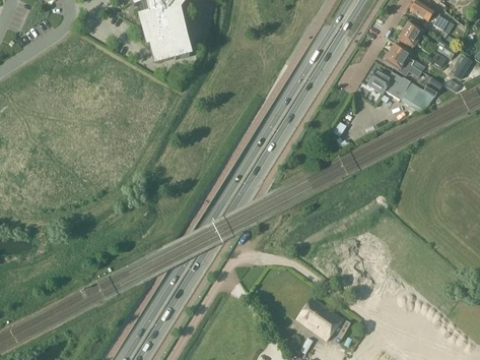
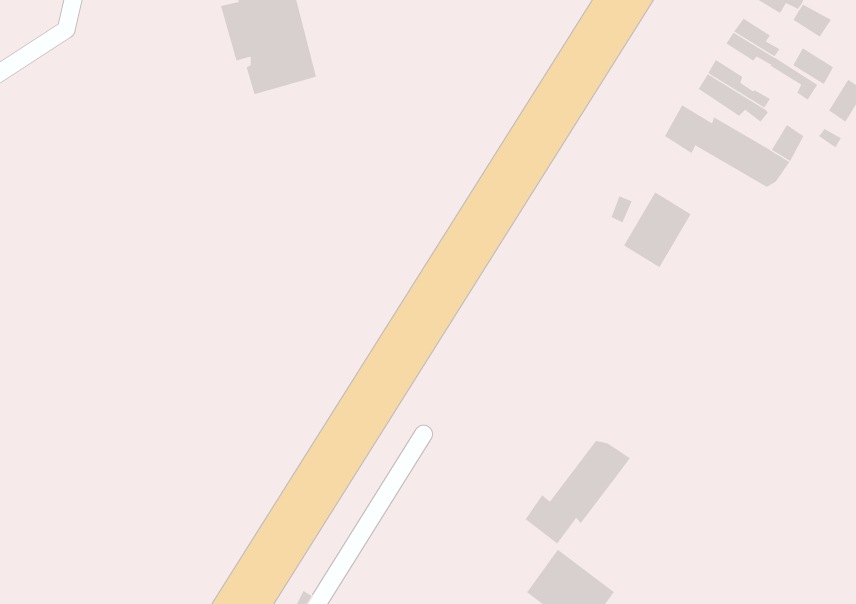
building: none -> [623,191,691,268]
building: none -> [525,440,631,545]

